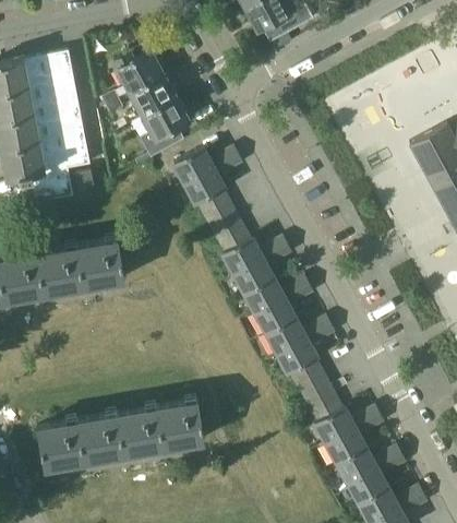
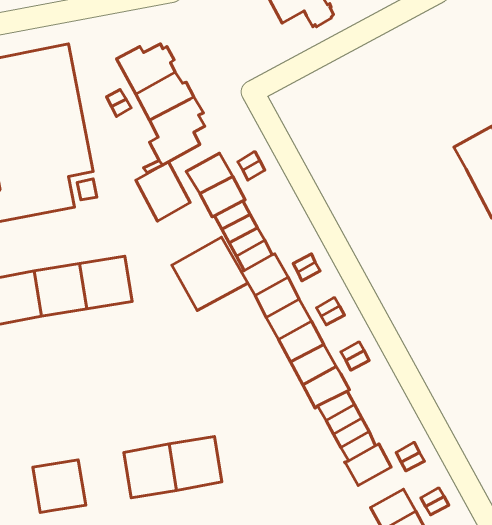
building: none -> [136,162,190,221]
building: none -> [172,237,248,310]
building: [77,415,124,462] -> none
building: [326,428,366,464] -> none

